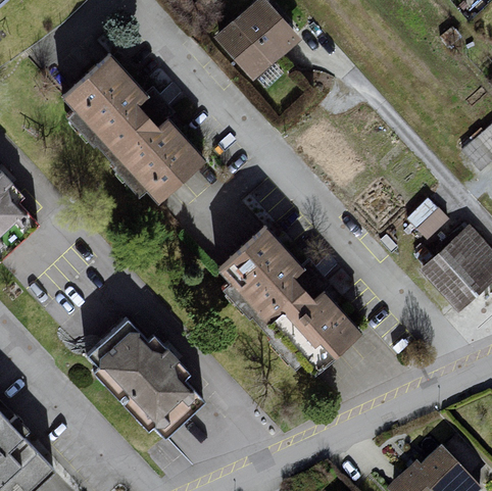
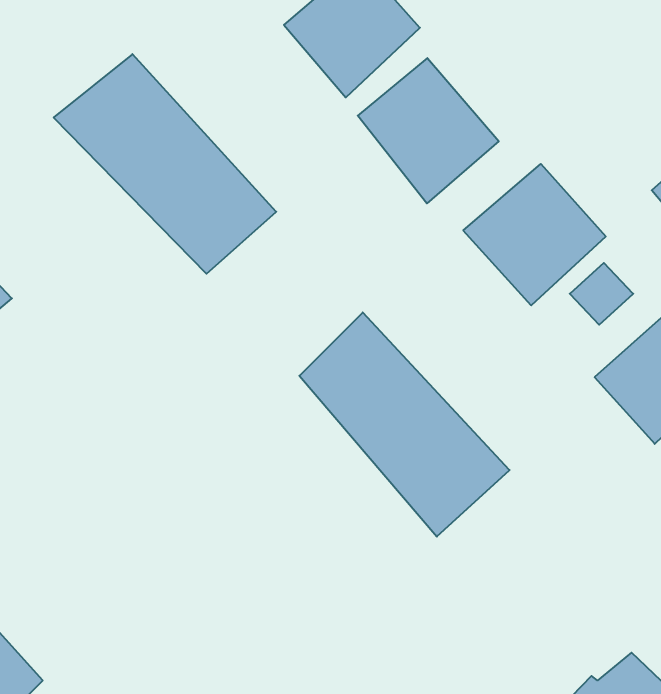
building: none -> [358,58,499,203]
building: none -> [463,164,606,305]
building: [91,324,195,426] -> none

